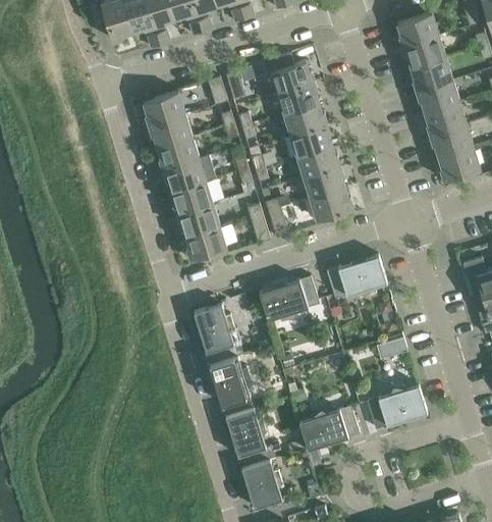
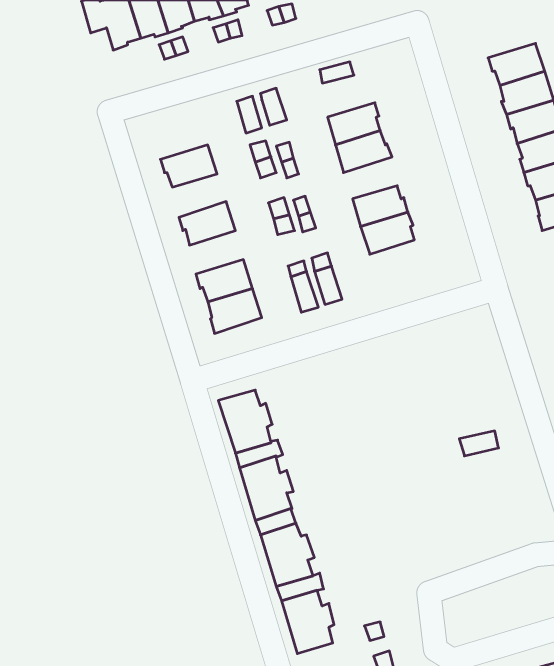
building: [397,13,439,48] -> none
building: [271,61,315,94] -> none
building: [144,92,185,126] -> none
building: [290,124,332,157] -> none
building: [158,138,200,171] -> none
building: [171,181,213,215] -> none
building: [311,189,353,221] -> none
building: [327,256,387,300] -> none
building: [260,277,320,322] -> none
building: [367,384,428,429] -> none
building: [299,407,360,451] -> none

